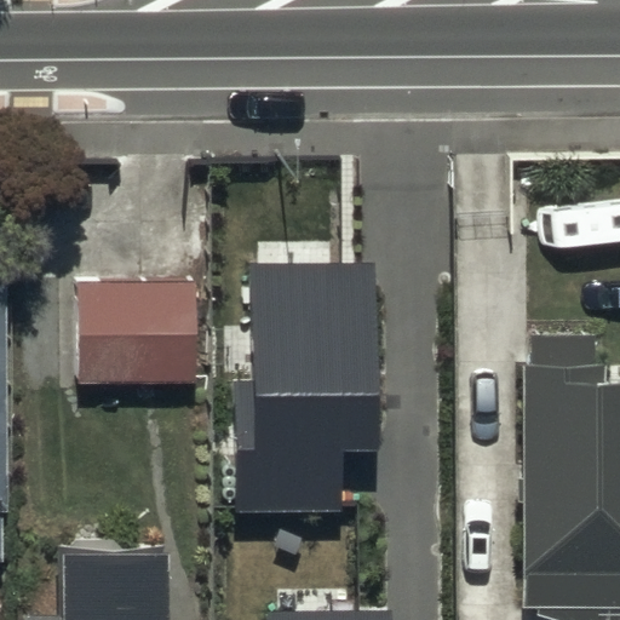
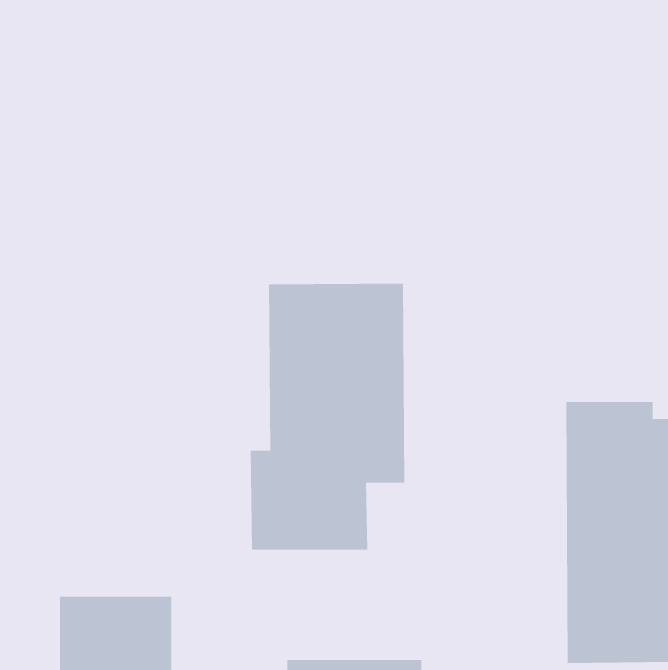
building: [80,294,200,392] -> none

